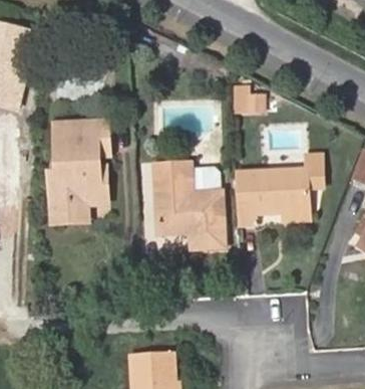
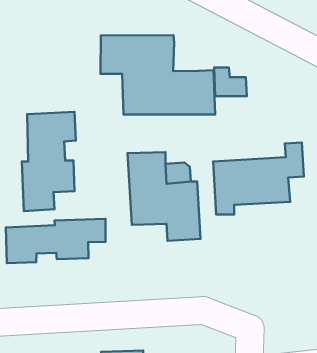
building: none -> [101,35,215,115]
building: none -> [6,219,106,263]

